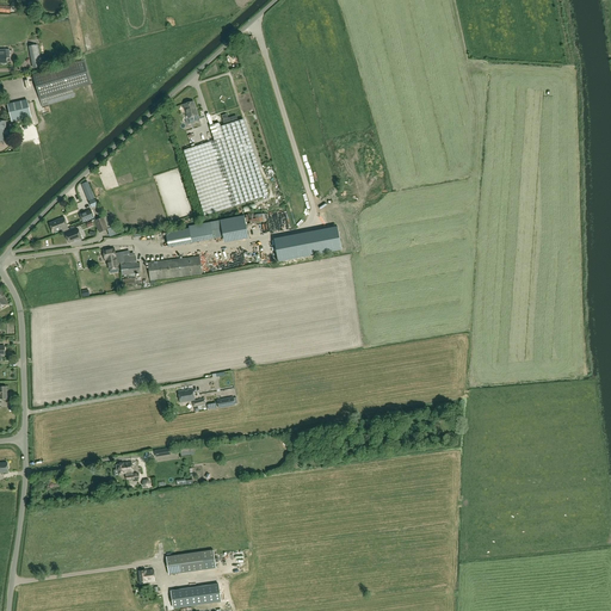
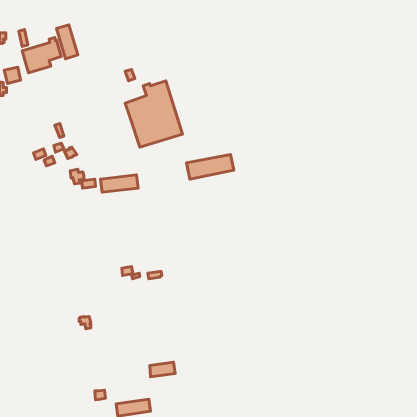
building: none -> [56,25,78,59]
building: [187,215,247,242] -> none
building: [166,553,203,574] -> [150,362,175,377]

